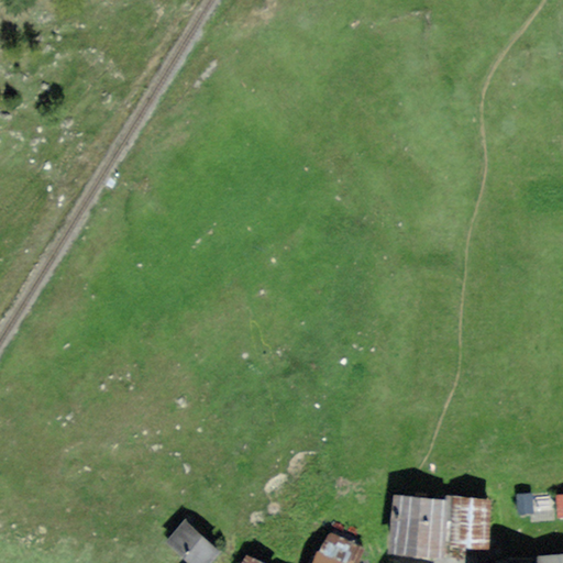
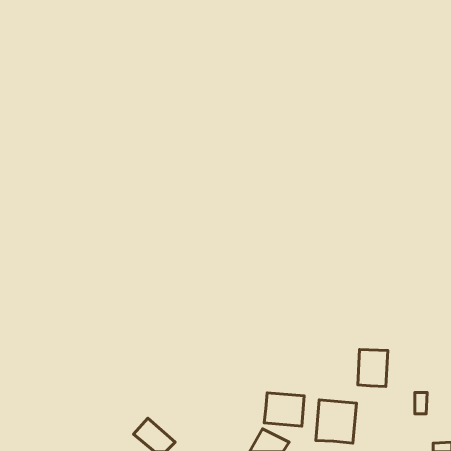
building: none -> [264,393,304,426]
building: [453,501,490,548] -> [358,350,388,387]

